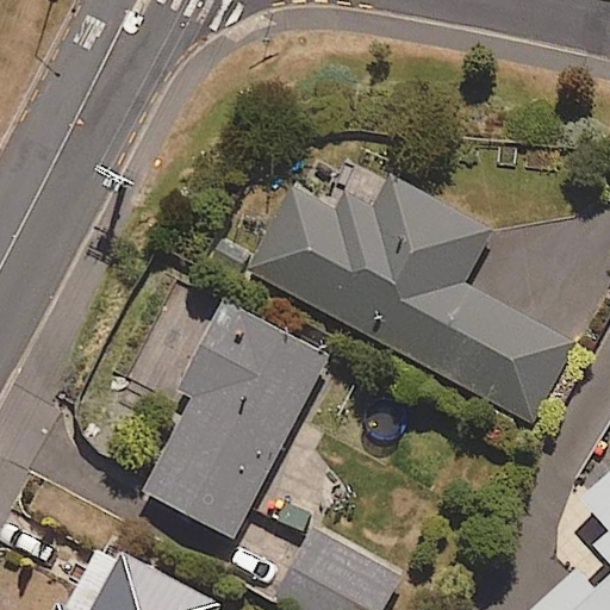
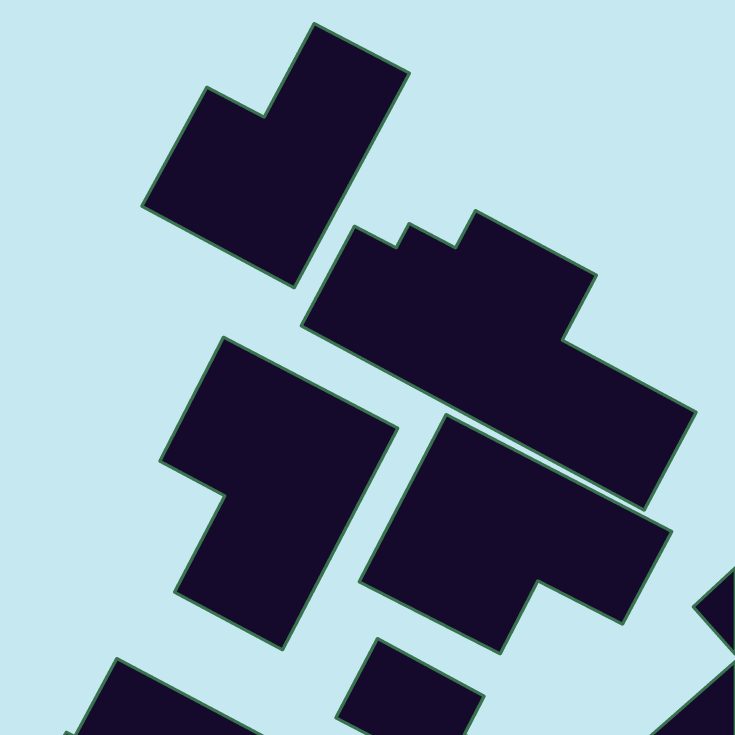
building: none -> [142,23,410,288]
building: none -> [359,414,672,654]

